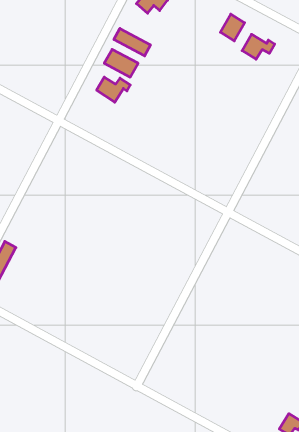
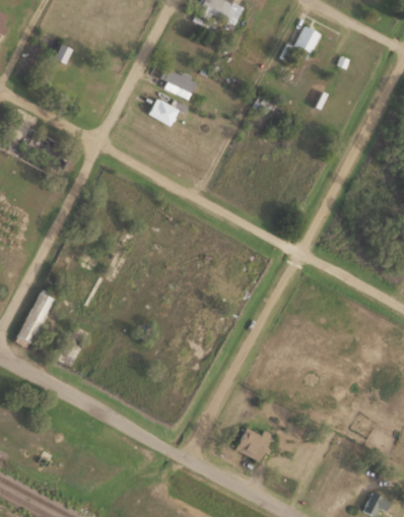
building: [114,28,150,56] -> none
building: [242,34,275,59] -> none
building: none -> [233,427,269,461]

